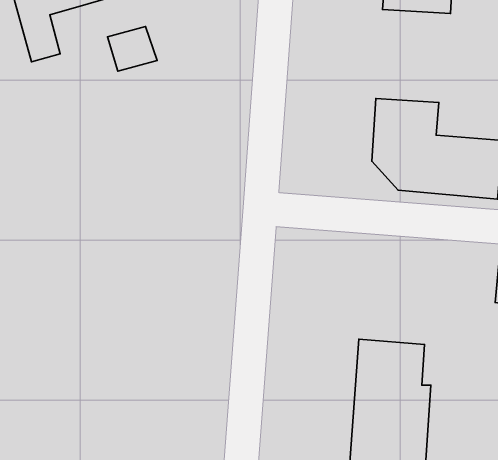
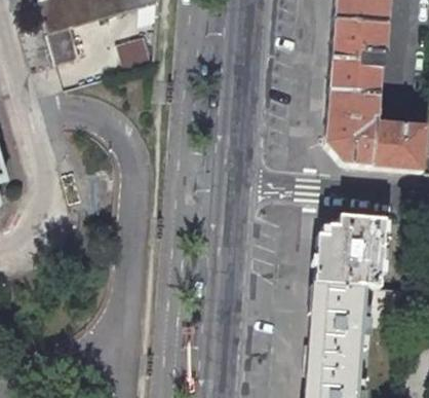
building: none -> [327,22,386,95]
building: none -> [314,214,389,286]

